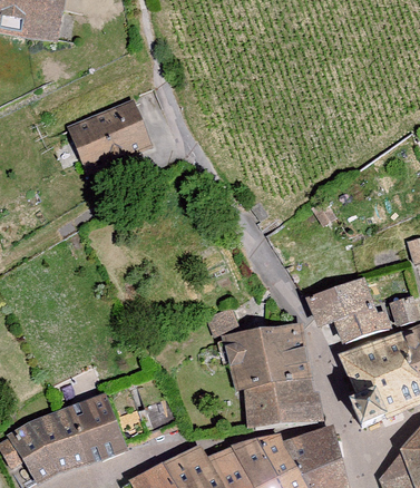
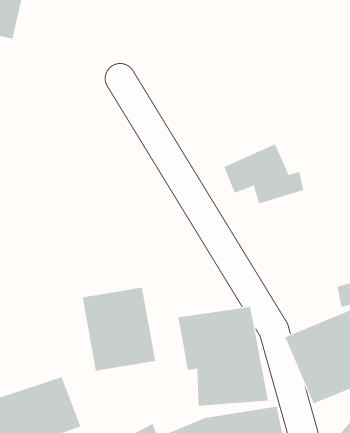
building: [69,97,150,169] -> none
building: [306,280,391,343] -> [224,144,304,204]
building: none -> [82,287,156,372]

